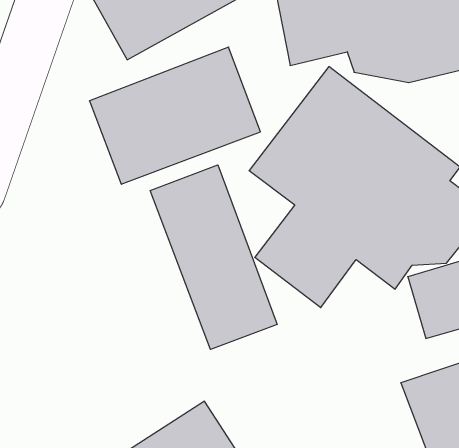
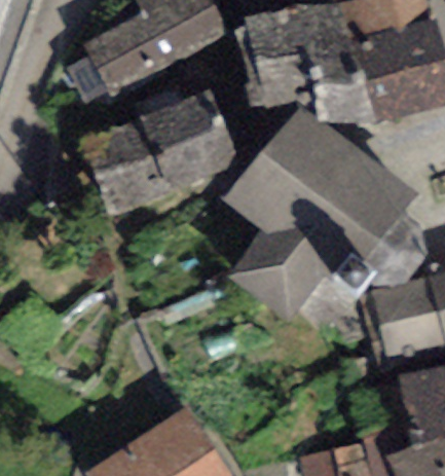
building: [150,165,277,349] -> none

